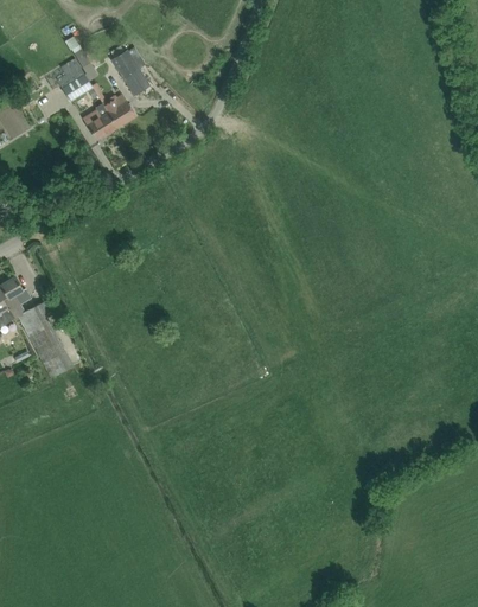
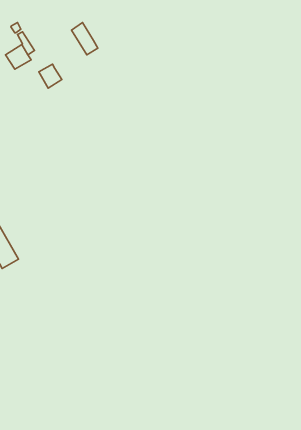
building: [110,49,147,94] -> [71,23,98,55]
building: [85,103,115,140] -> none

